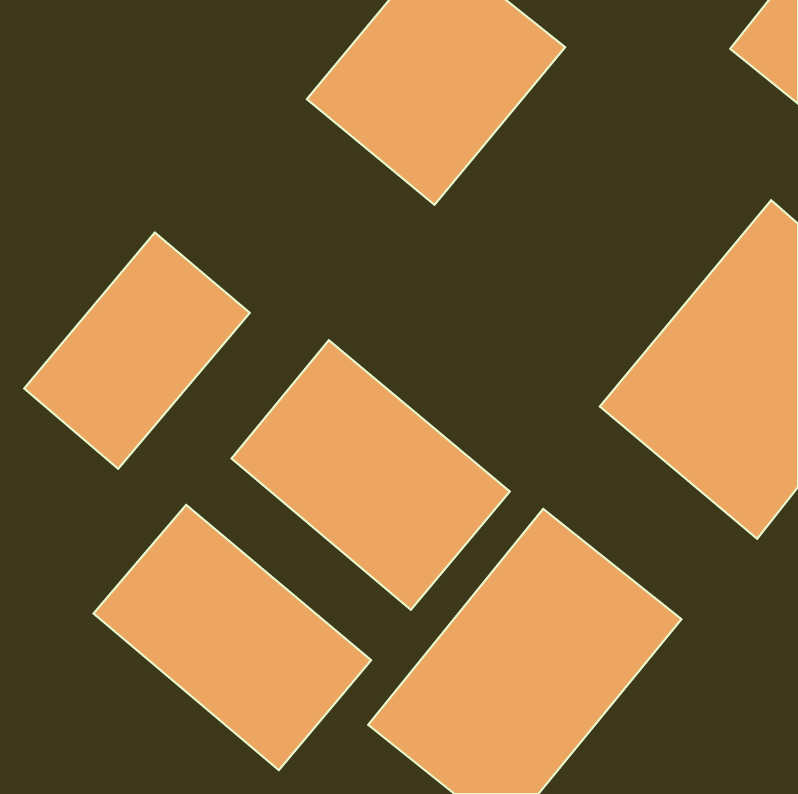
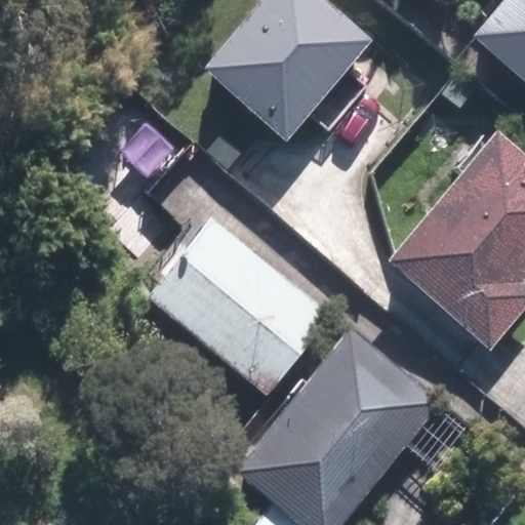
building: [24,233,250,469] -> none
building: [93,505,371,770] -> none

